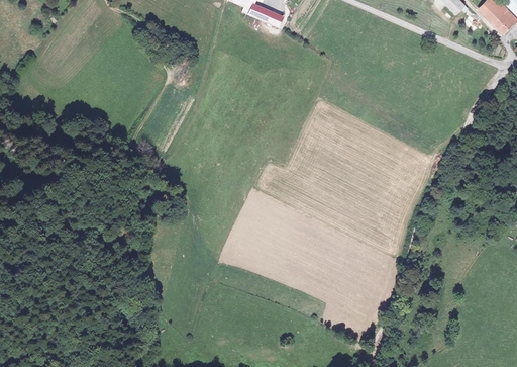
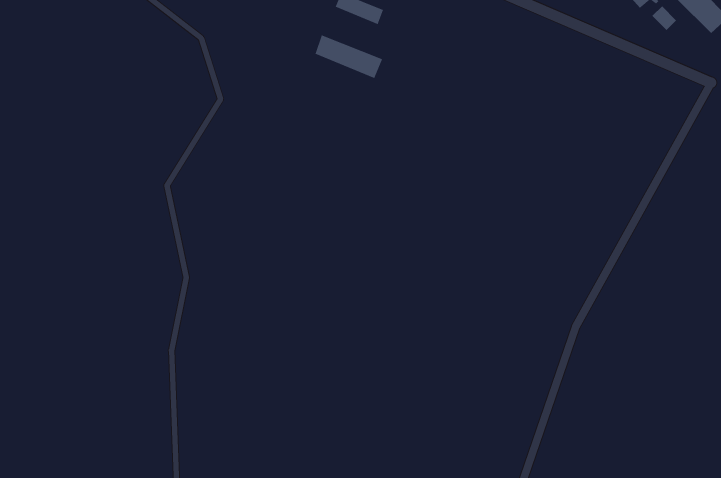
building: none -> [315,35,383,79]

